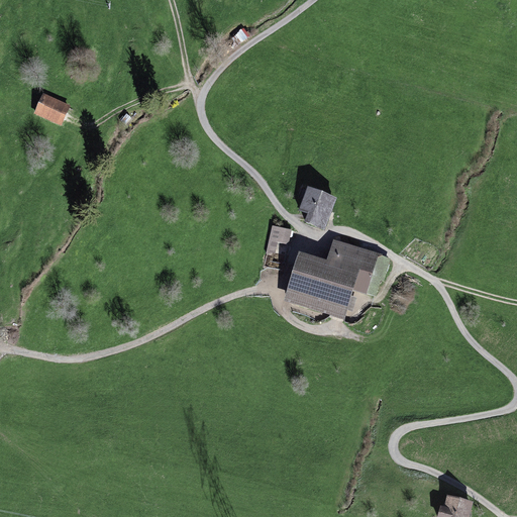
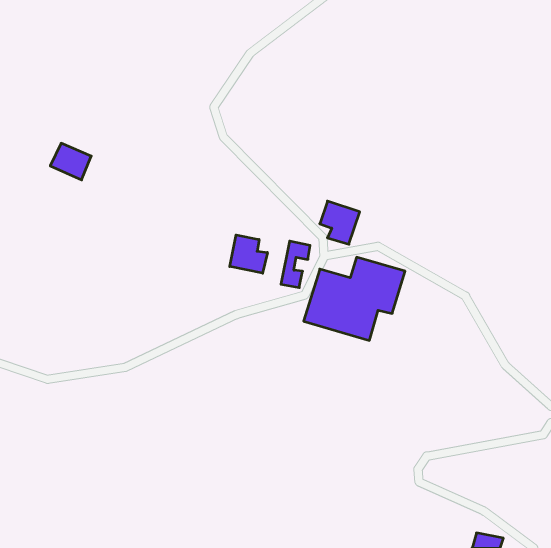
building: [32,89,71,123] -> [50,143,91,180]
building: none -> [230,235,267,273]

